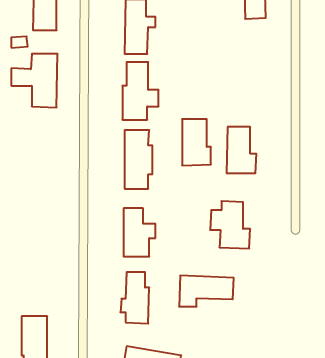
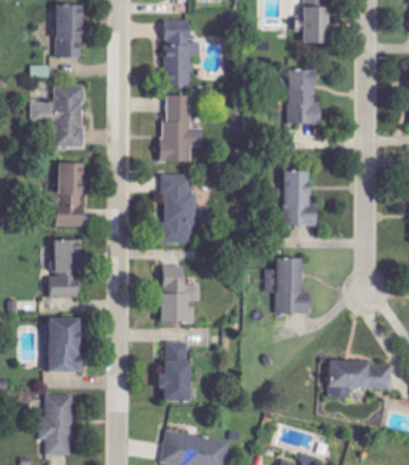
building: [182,119,211,165] -> [287,69,321,124]
building: none -> [46,162,83,226]
building: none -> [48,239,80,298]
building: none -> [48,318,82,372]
building: [179,276,234,307] -> [327,361,391,397]

